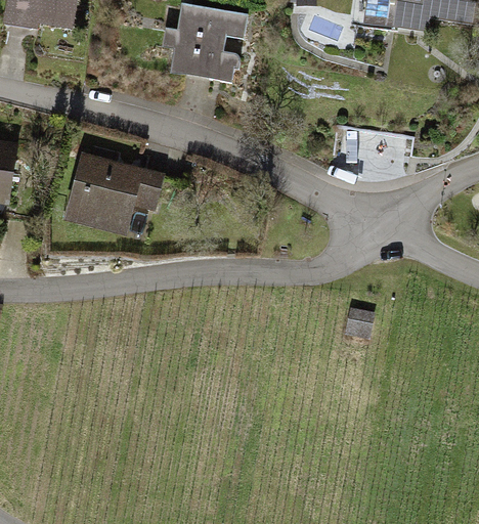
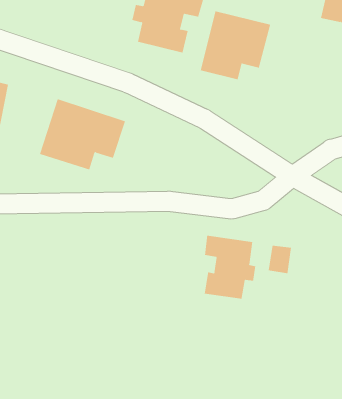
building: none -> [200,10,271,80]
building: none -> [204,235,256,300]

